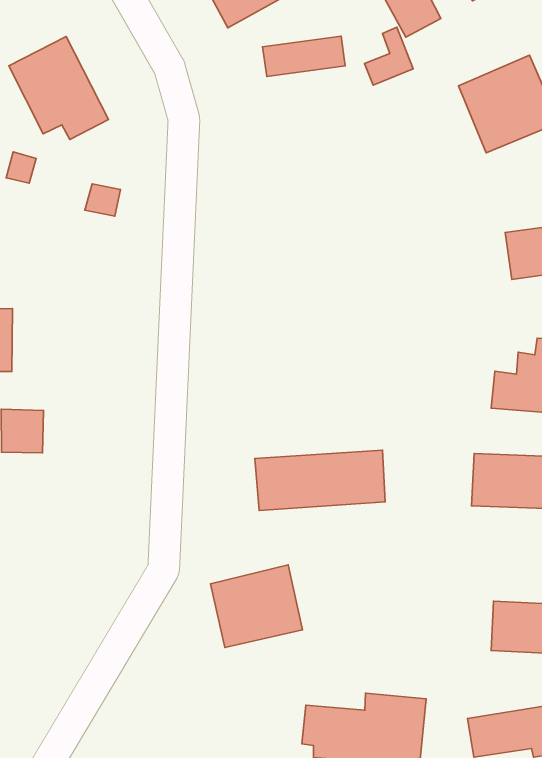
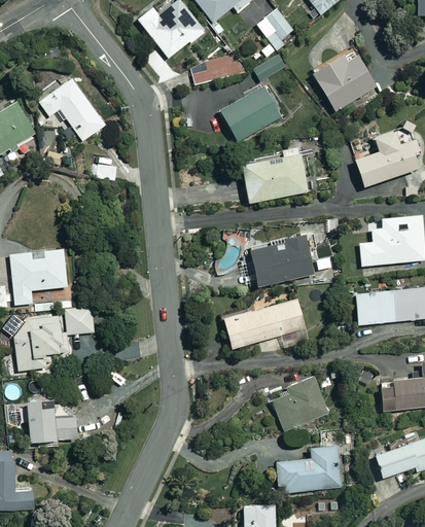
building: none -> [220,85,282,141]
building: none -> [241,150,310,204]
building: none -> [249,236,313,286]
building: [210,565,303,648] -> [270,376,329,431]

